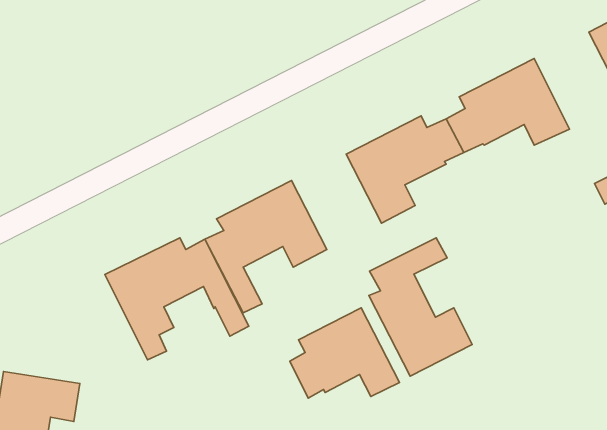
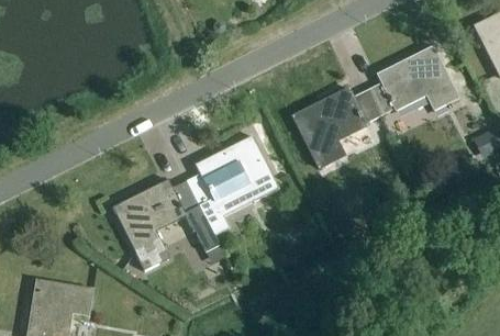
building: [369,238,472,376] -> none
building: [290,308,400,398] -> none

